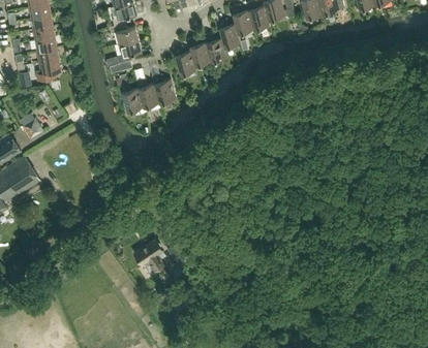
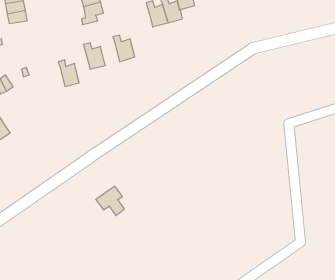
building: [174,46,197,74] -> none
building: [35,59,61,82] -> none
building: [136,78,159,107] -> [58,60,79,86]

